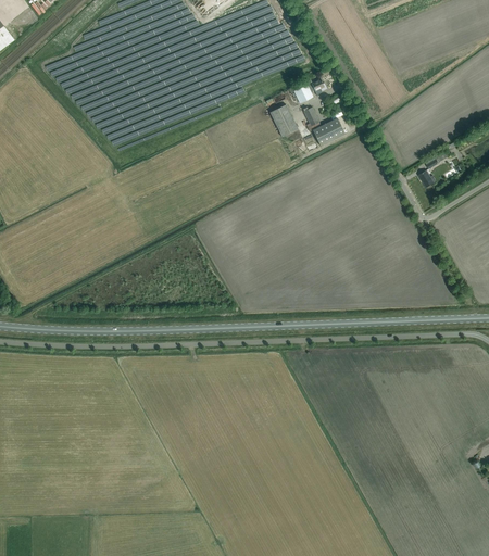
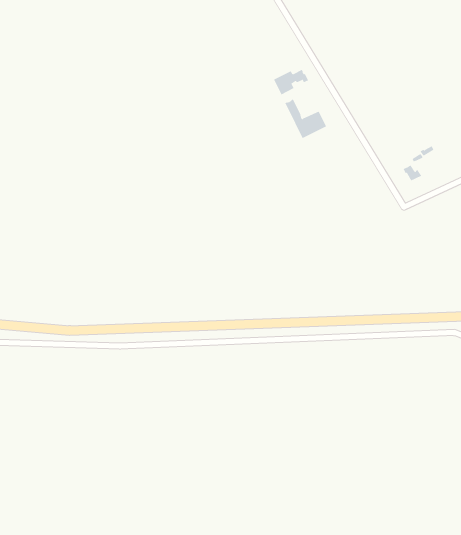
building: [269,104,298,137] -> none

